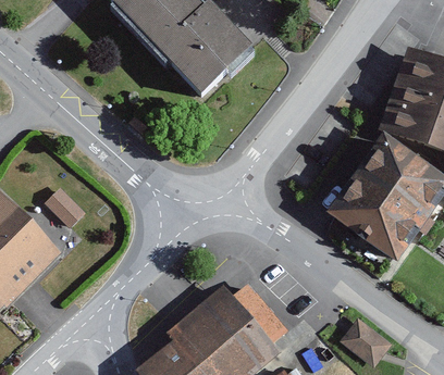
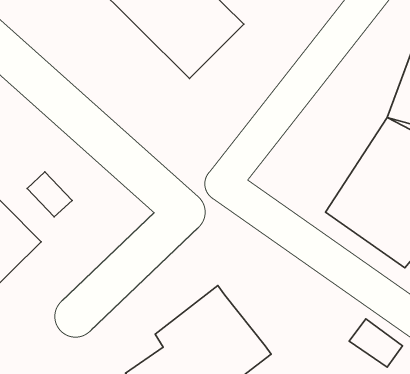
building: [230,280,286,342] -> none

